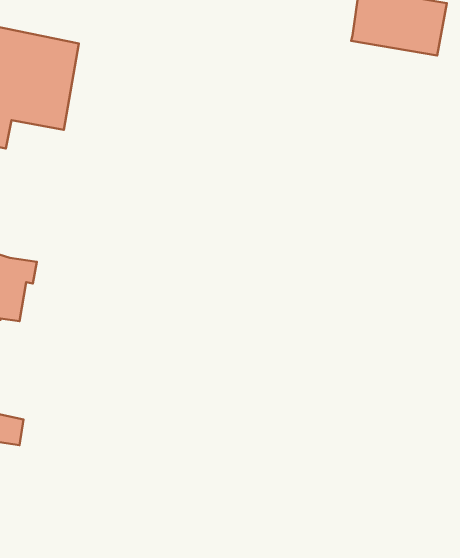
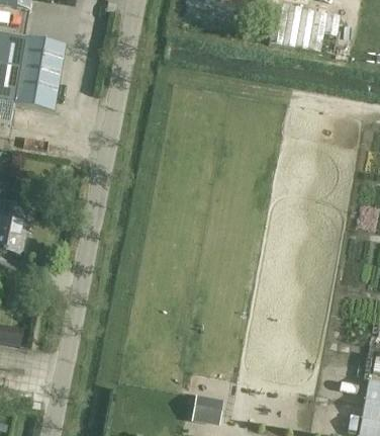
building: none -> [190,396,223,427]

